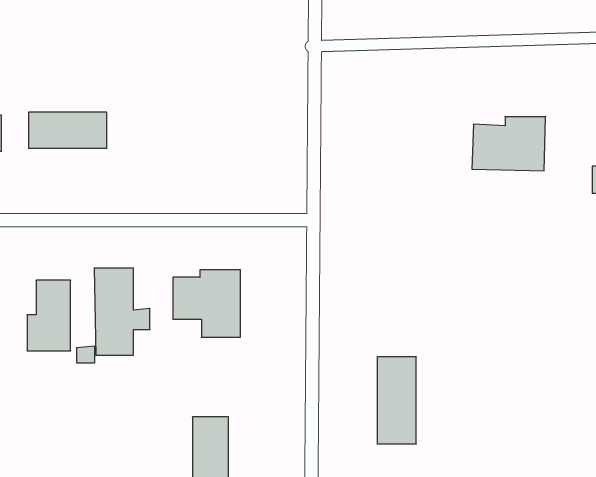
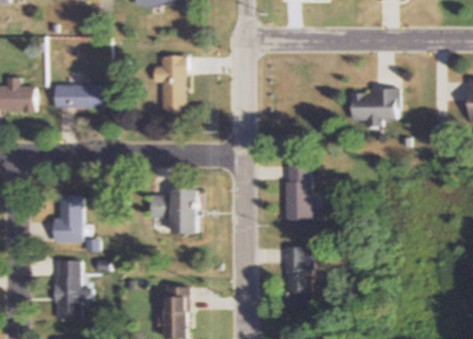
building: none -> [154,54,188,112]
building: none -> [285,164,311,220]
building: [94,268,150,355] -> [54,260,91,318]

